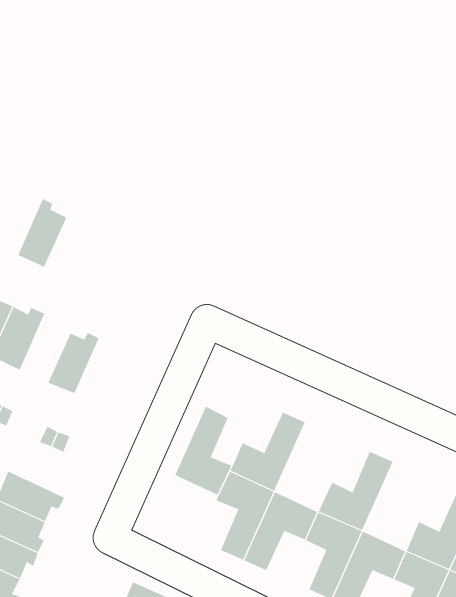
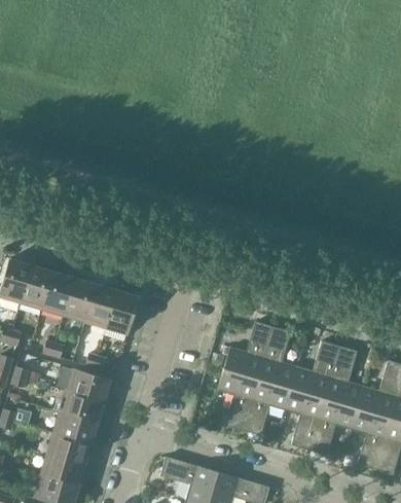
building: [17,198,67,268] -> [64,274,96,323]
building: none -> [105,286,139,335]
building: [175,406,232,495] -> [257,326,297,389]
building: none -> [65,368,111,403]
building: none -> [324,346,363,408]

